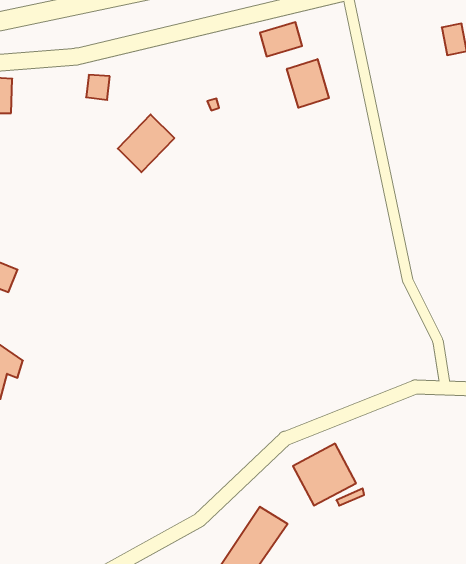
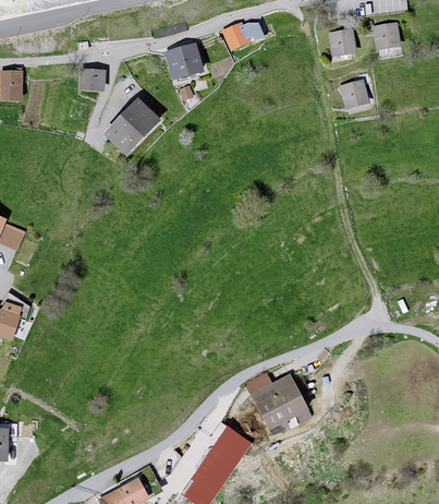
building: none -> [330,34,354,58]
building: none -> [167,49,203,84]
building: [287,59,329,108] -> none
building: none -> [342,83,369,109]

